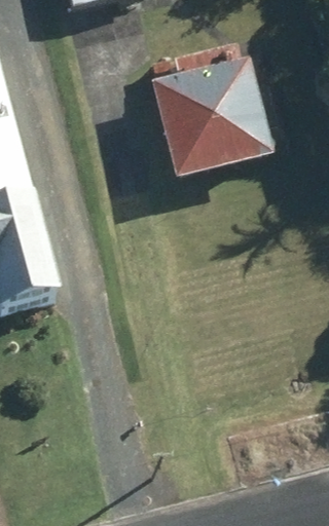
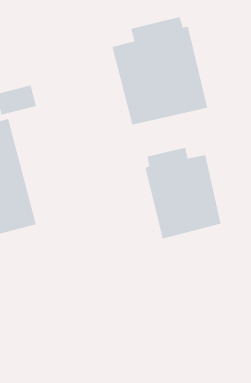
building: none -> [145,147,221,240]

